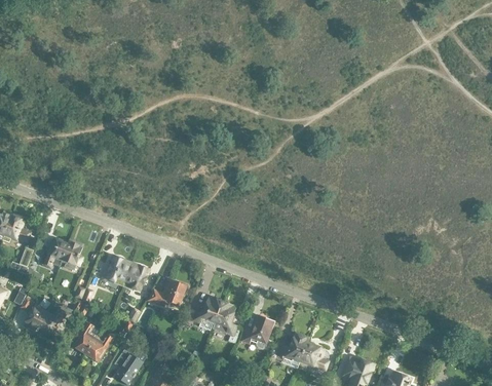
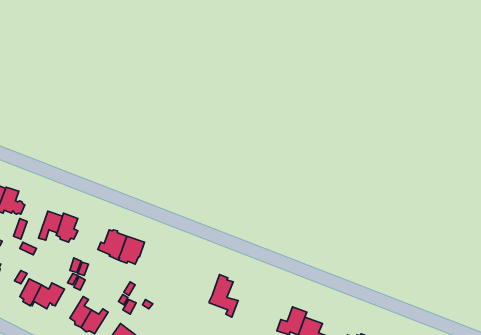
building: [147,279,186,306] -> none
building: [191,298,222,323] -> none
building: [242,317,272,349] -> none

